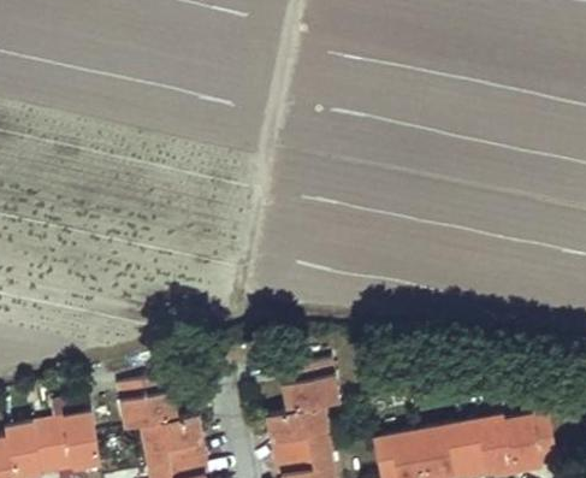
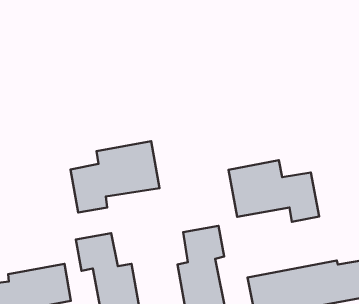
building: none -> [70,141,160,213]
building: none -> [229,160,319,222]

